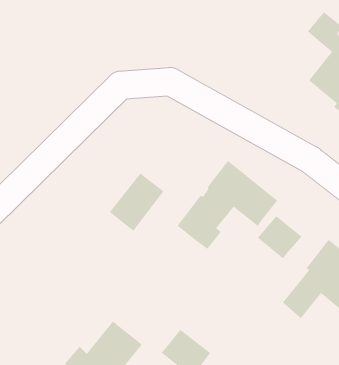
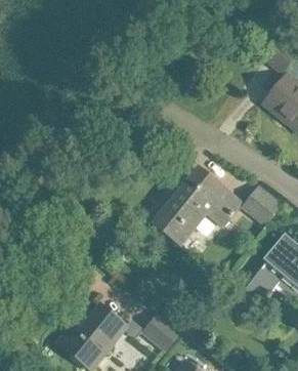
building: [109,173,165,232] -> none
building: [257,215,302,259] -> [242,187,281,224]

